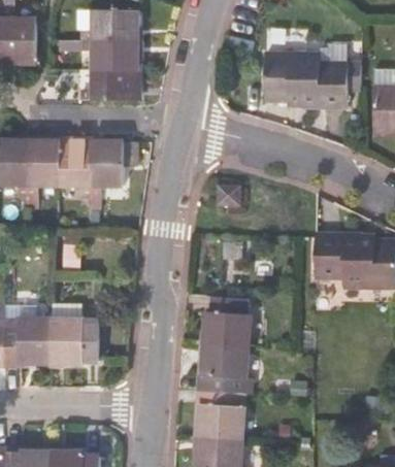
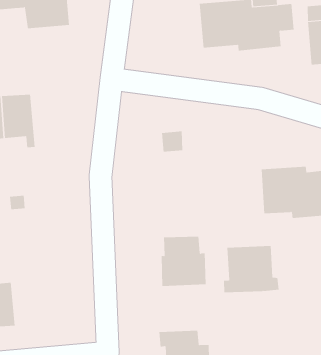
building: [79,71,135,102] -> none
building: [90,137,135,202] -> none
building: [54,312,101,370] -> none
building: [197,342,254,390] -> [223,246,279,293]

